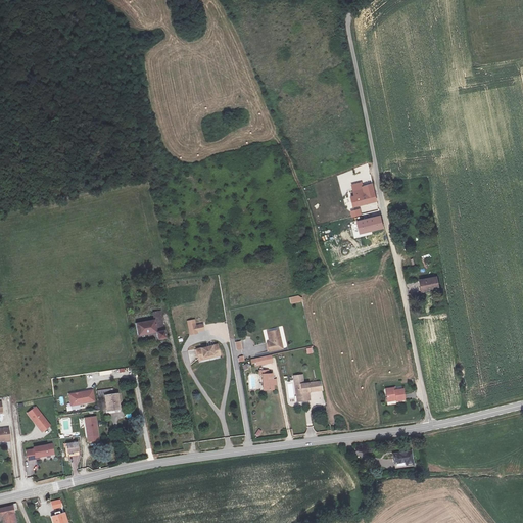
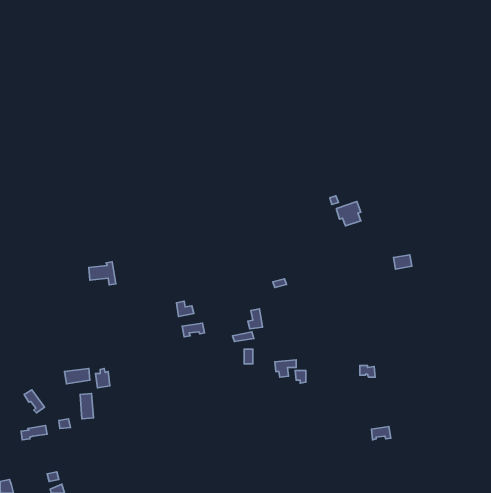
building: [350,181,376,204] -> none
building: [136,313,164,337] -> [89,262,116,285]

